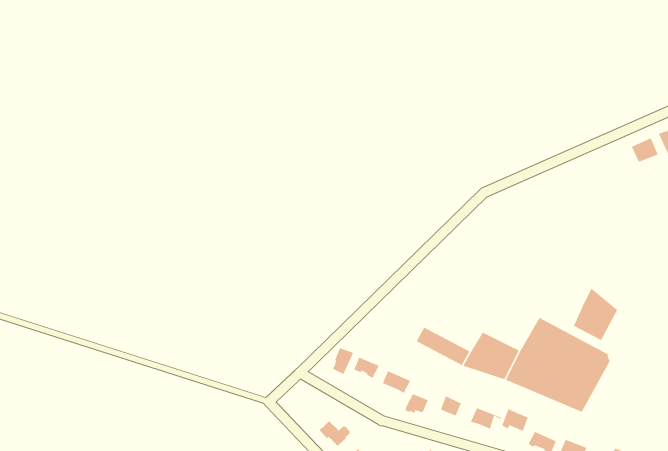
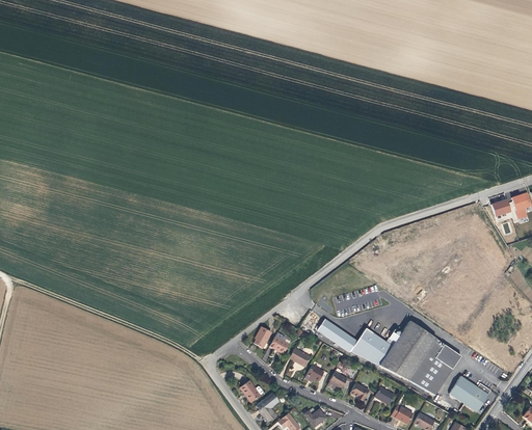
building: [573,287,618,341] -> none
building: none -> [449,376,490,411]

